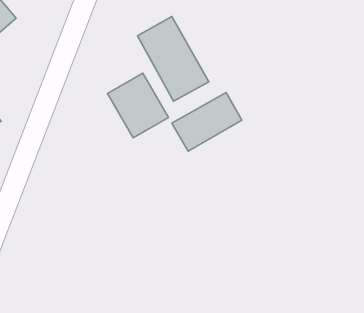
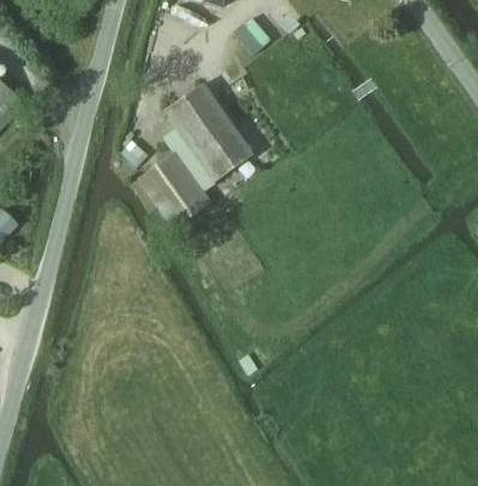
building: [172,93,242,151] -> none

